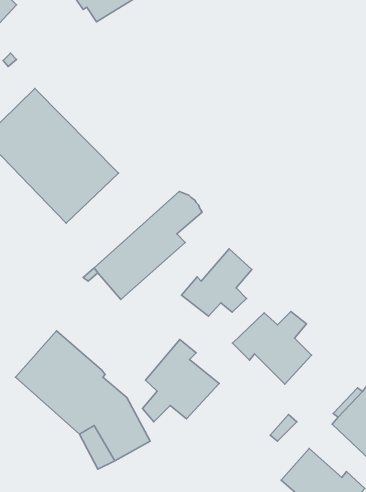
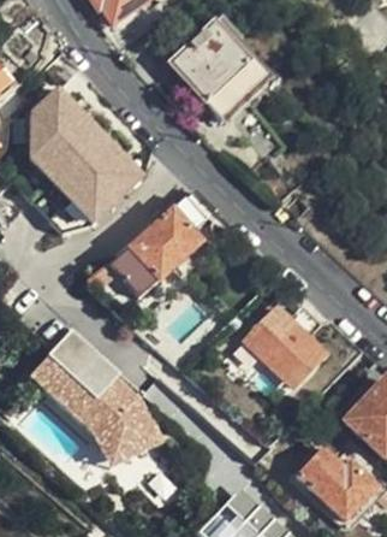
building: none -> [169,20,263,120]
building: [182,249,252,316] -> none
building: [142,339,219,422] -> none

